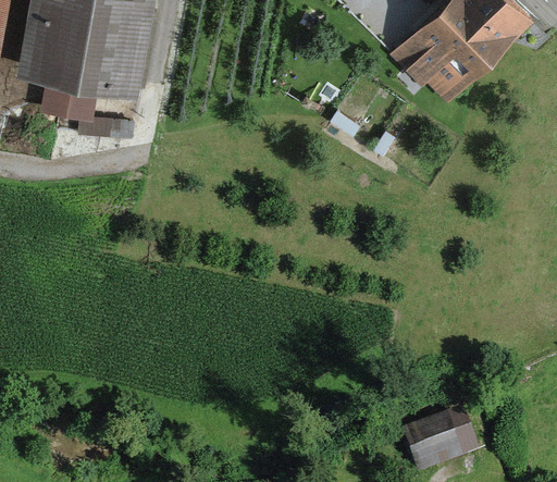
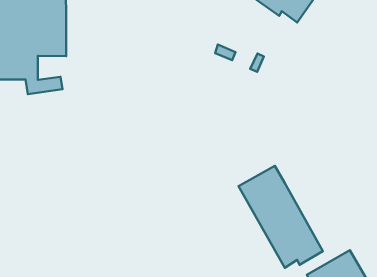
building: none -> [238,166,323,268]

